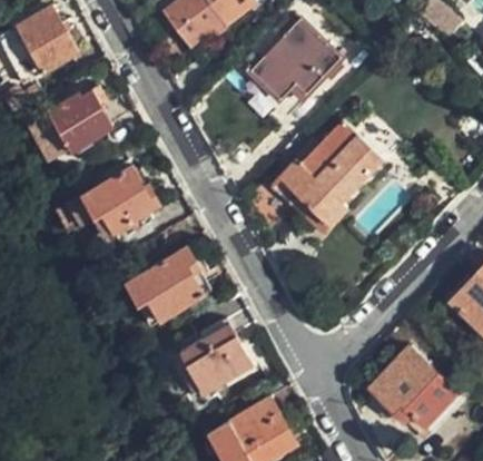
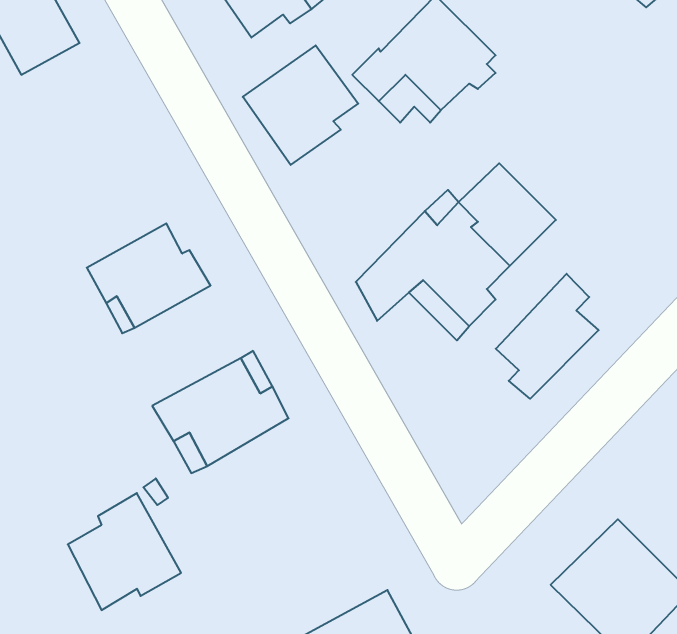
building: none -> [243,45,358,165]
building: [48,87,112,147] -> none
building: none -> [496,274,599,399]
building: [180,318,252,392] -> [68,493,181,610]

